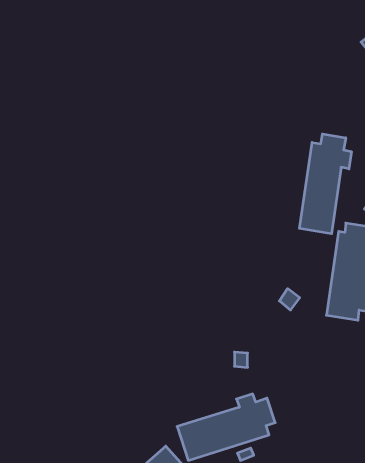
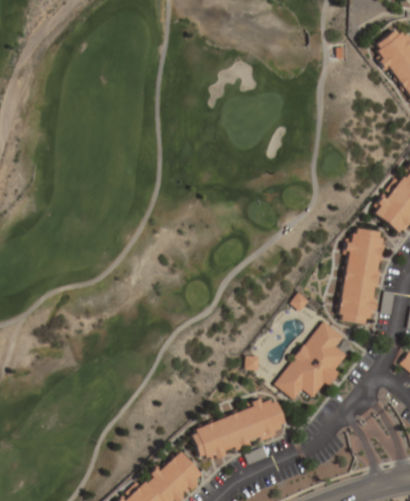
building: [299,134,351,234] -> none
building: none -> [276,319,351,401]

